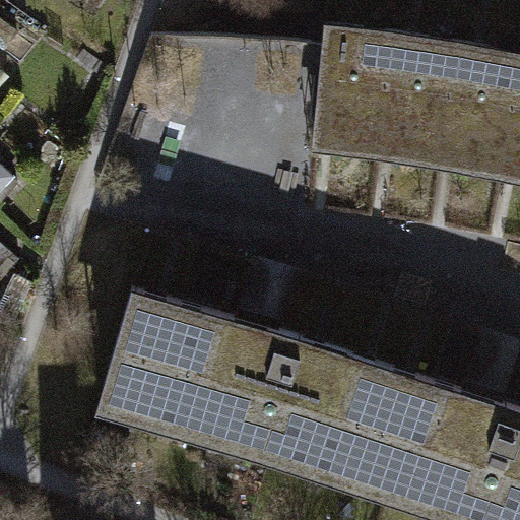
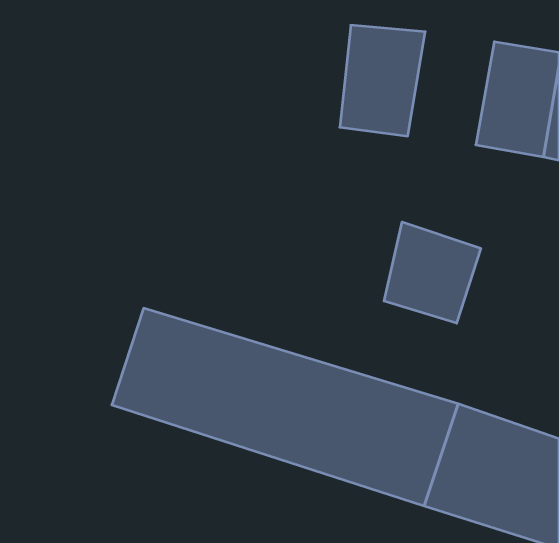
building: [378,46,458,150] -> none
building: none -> [384,222,481,323]

